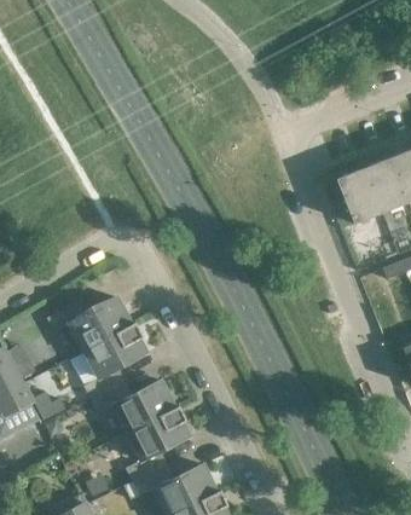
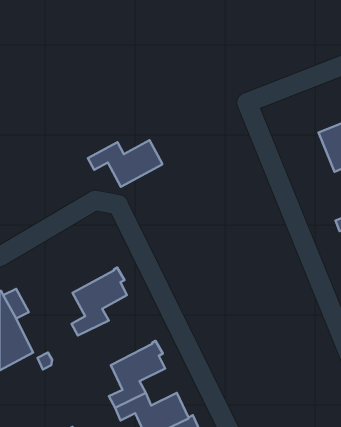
building: [335,167,381,222] -> none
building: [46,296,131,349] -> [88,140,162,187]
building: [89,380,174,432] -> none

